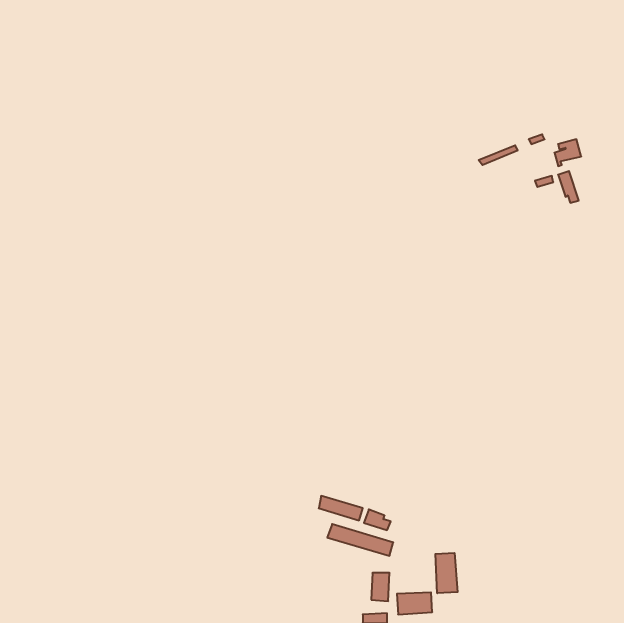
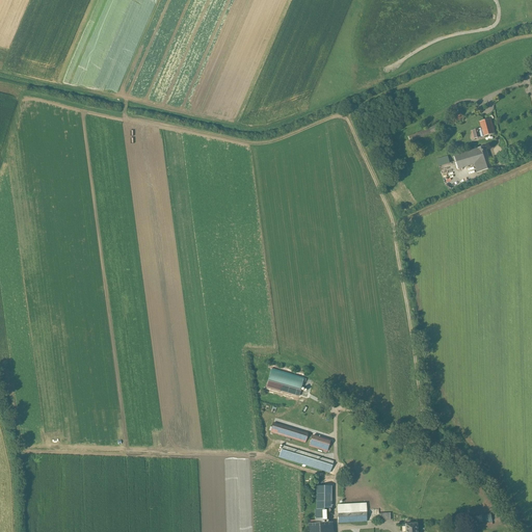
building: none -> [266,368,307,395]
building: [435,553,458,593] -> none

